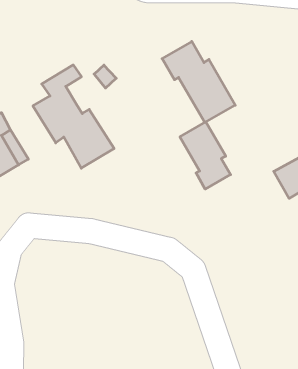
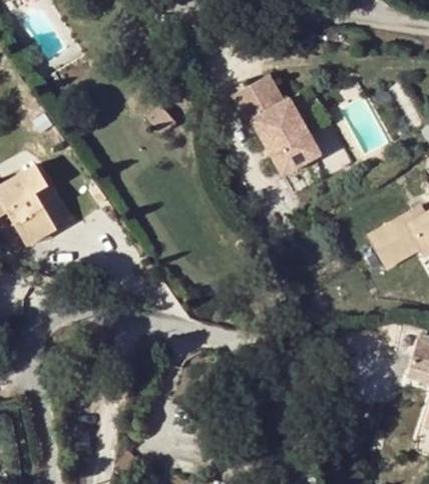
building: [33,65,114,168] -> none
building: [180,122,231,189] -> none

